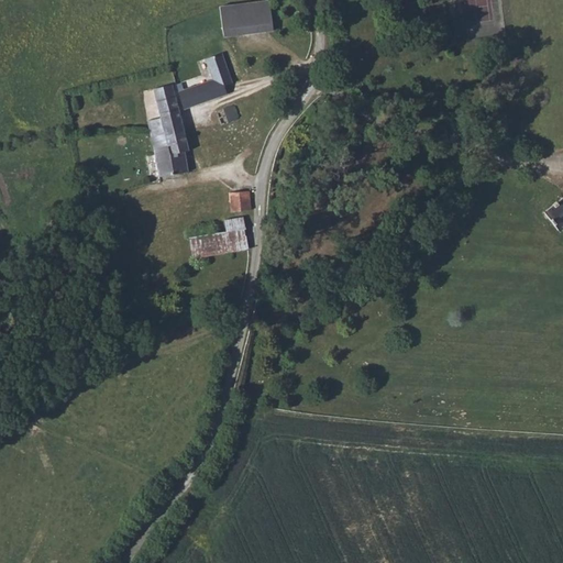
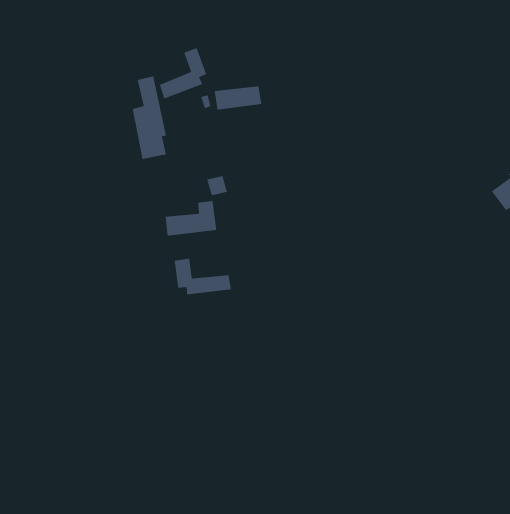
building: [225,5,278,33] -> [214,85,262,111]
building: none -> [174,258,232,295]

